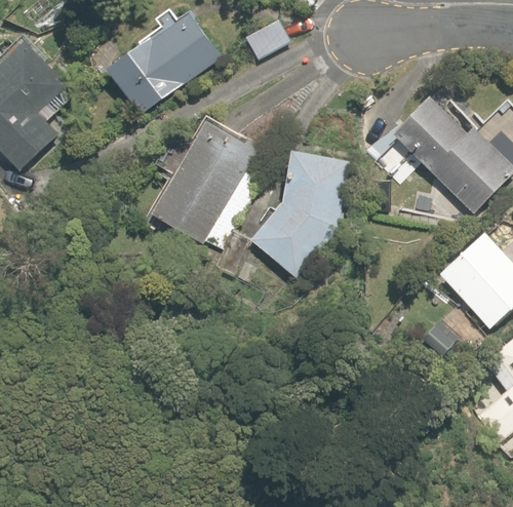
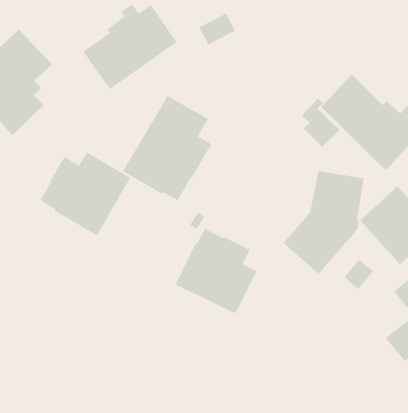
building: [250,150,350,276] -> [282,170,365,275]
building: none -> [39,151,131,236]
building: none -> [175,228,257,314]

